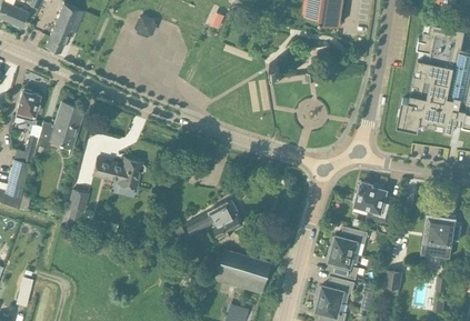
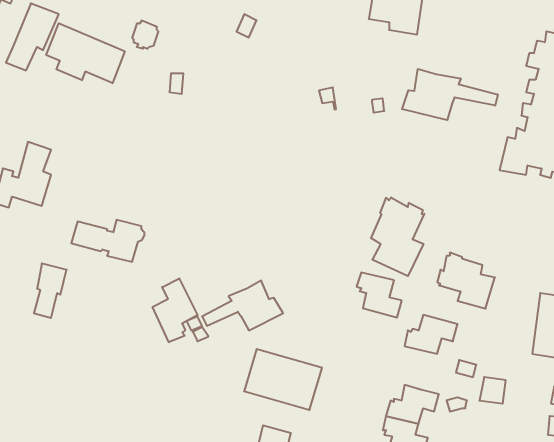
building: none -> [46,23,125,83]
building: none -> [402,69,498,120]
building: none -> [371,197,424,276]
building: none -> [153,278,198,342]
building: [327,249,359,281] -> [357,272,402,318]

